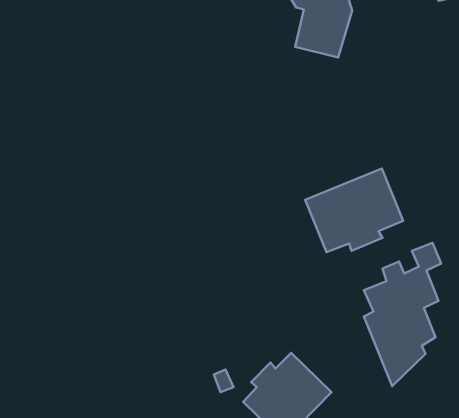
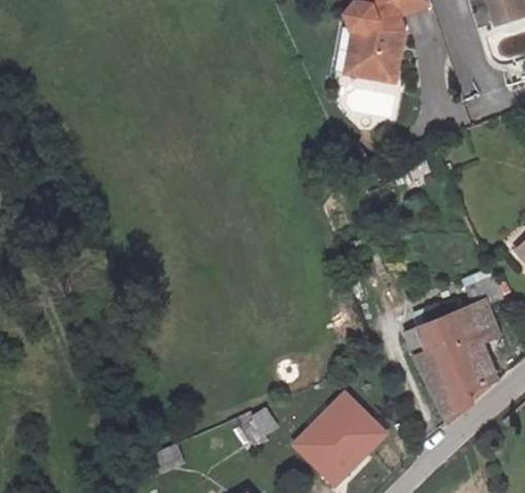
building: [305,168,403,252] -> none

